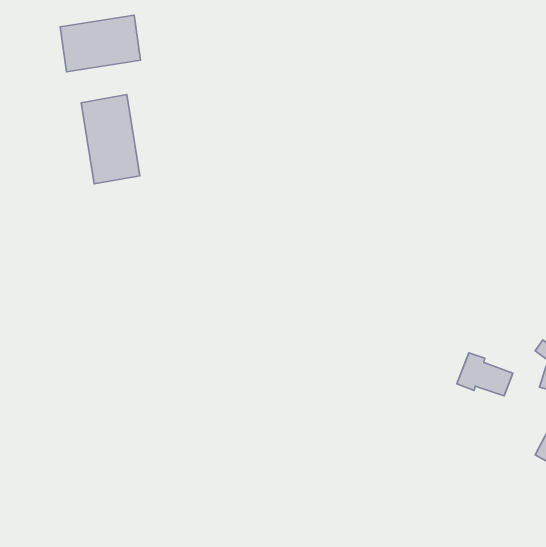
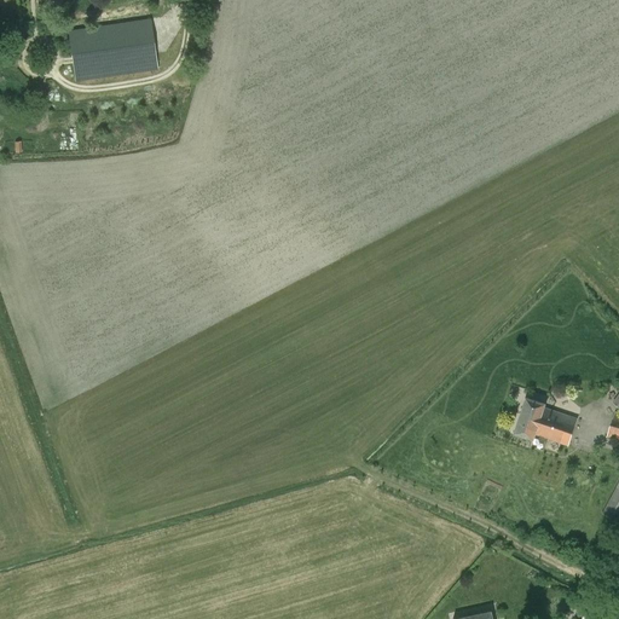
building: [81,95,140,184] -> none

